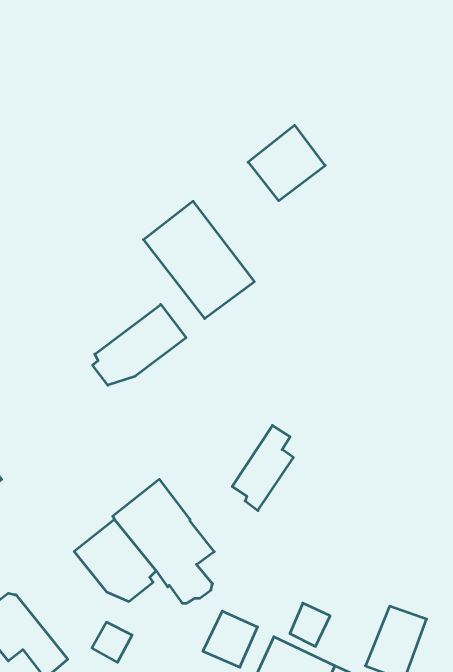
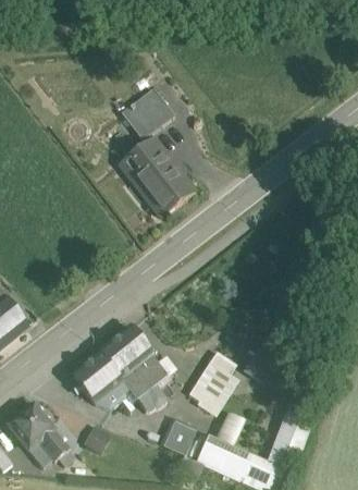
building: [248,125,325,201] -> [123,88,175,139]
building: [93,304,186,385] -> none
building: [232,425,293,511] -> [190,351,232,408]

